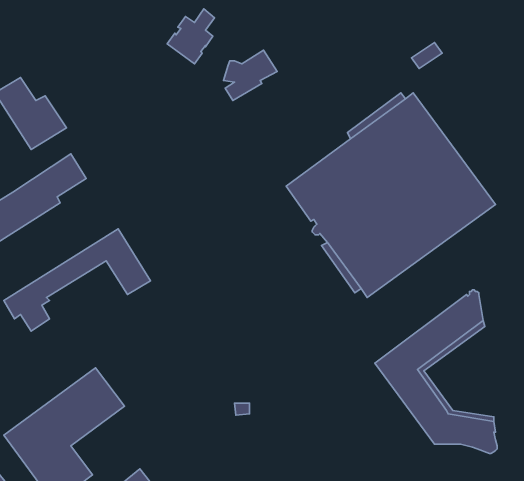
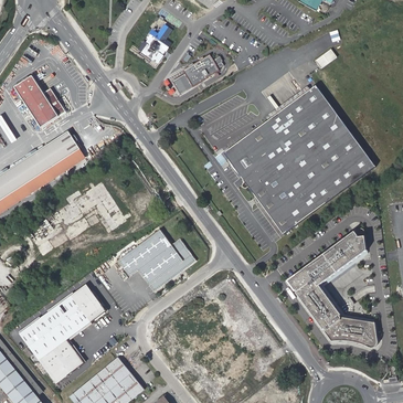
building: none -> [117,229,195,290]

